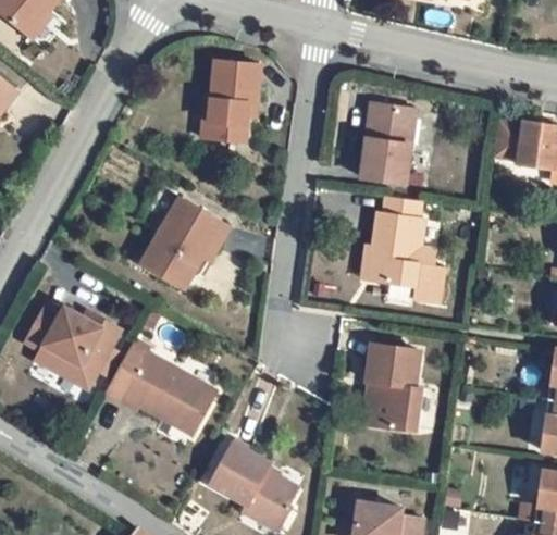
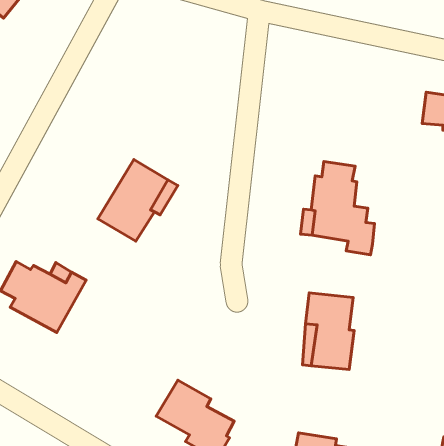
building: [201,60,261,141] -> none
building: [361,102,417,183] -> none
building: [107,339,218,434] -> none

